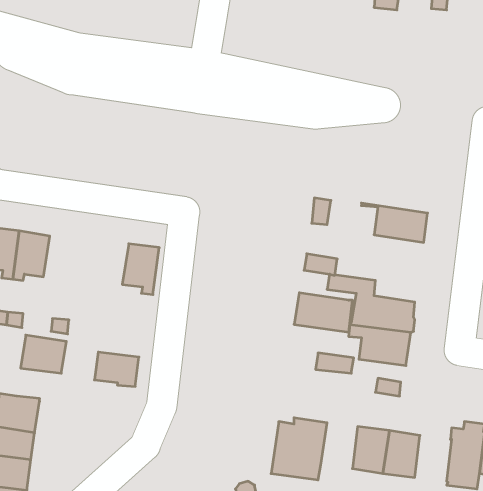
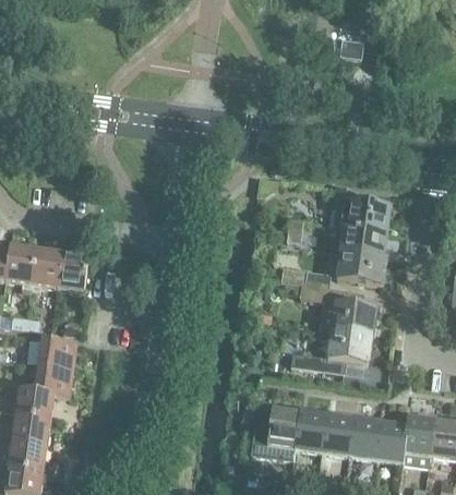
building: none -> [329,188,391,232]
building: [122,244,159,295] -> [57,252,88,295]
building: [294,293,353,332] -> [336,251,386,285]
building: [94,352,139,386] -> [34,365,72,395]
building: none -> [295,412,326,451]
building: none -> [375,423,407,462]

